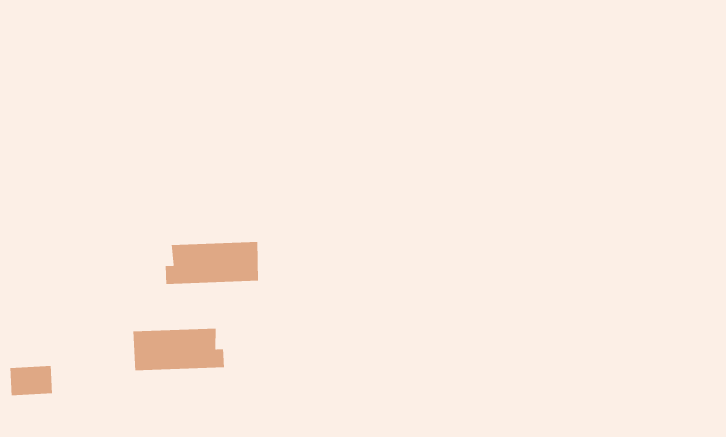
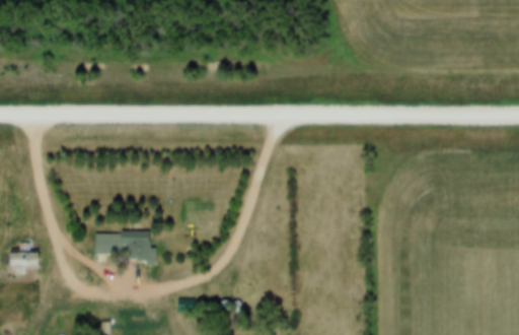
building: [165,241,259,285] -> none

